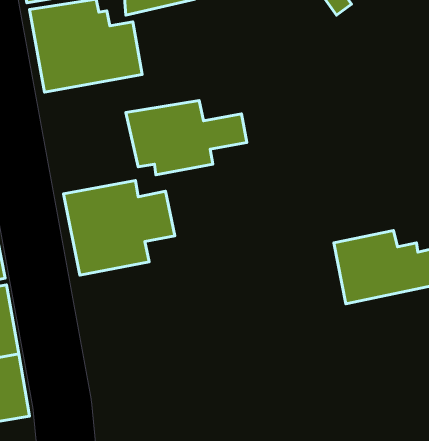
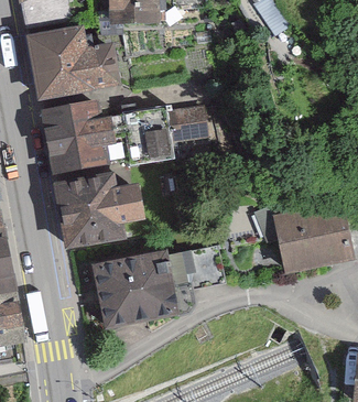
building: none -> [43,95,115,171]
building: none -> [90,243,223,325]

